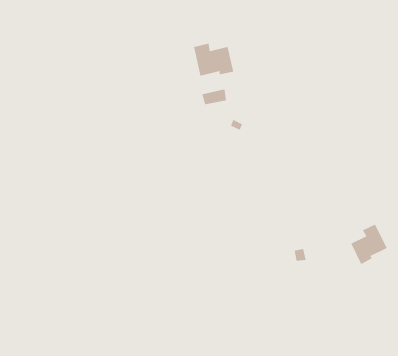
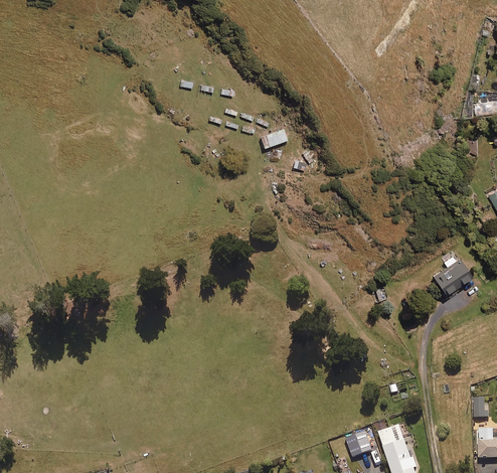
building: [193,43,234,76] -> none

